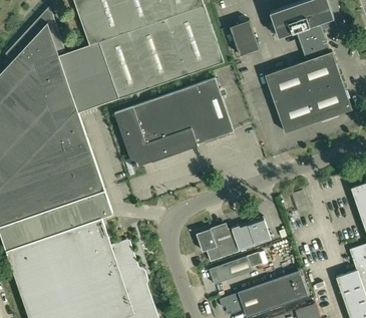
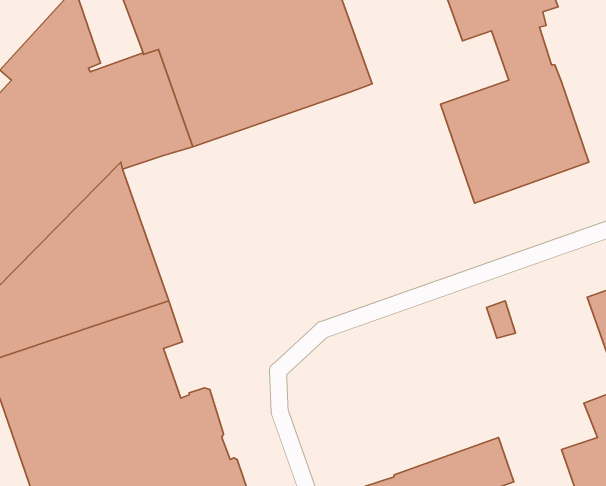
building: [229,20,259,55] -> none
building: [114,77,233,168] -> none
building: [196,216,271,261] -> none
building: [208,252,262,285] -> none

